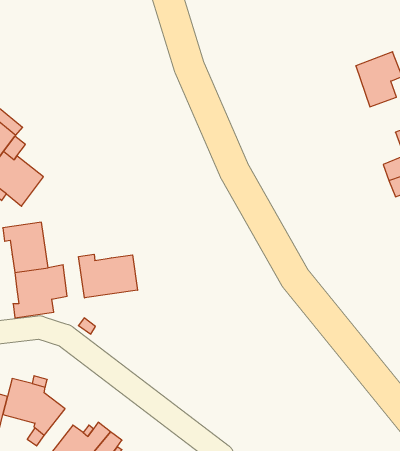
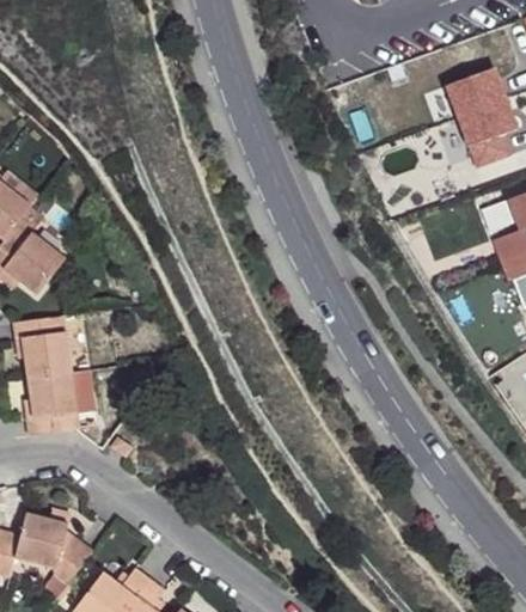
building: none -> [447,69,506,117]
building: [79,254,138,298] -> none

